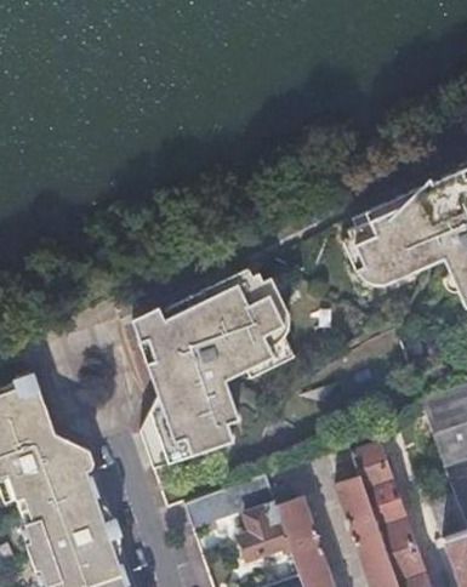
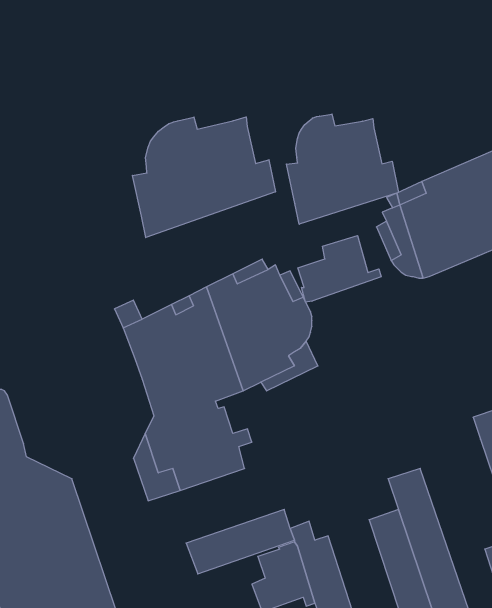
building: none -> [286,114,398,224]
building: none -> [132,117,275,238]
building: none -> [298,236,381,302]

